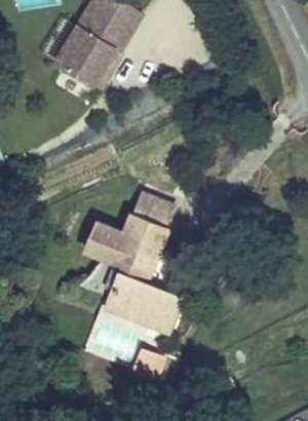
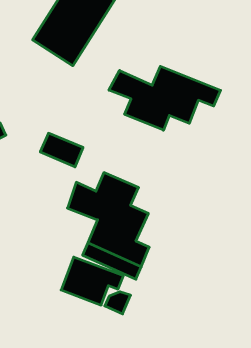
building: none -> [109,66,221,130]
building: [130,192,180,231] -> [40,133,83,167]

